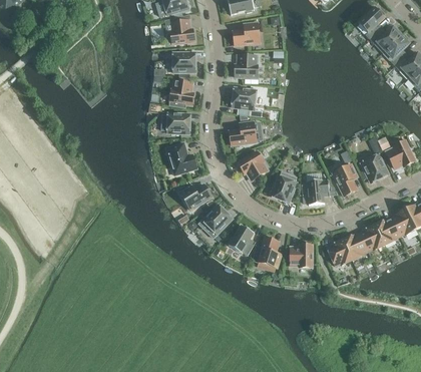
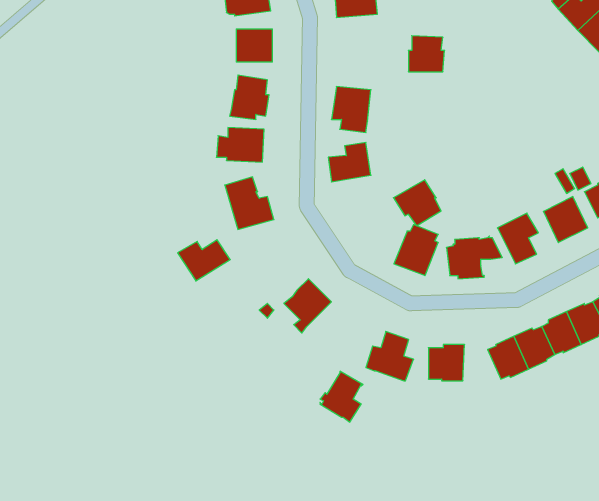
building: [236,54,258,76] -> [408,36,445,72]
building: [238,150,267,178] -> [393,180,441,226]
building: [179,183,212,209] -> [178,240,230,281]
building: [229,224,255,255] -> [320,371,363,422]

